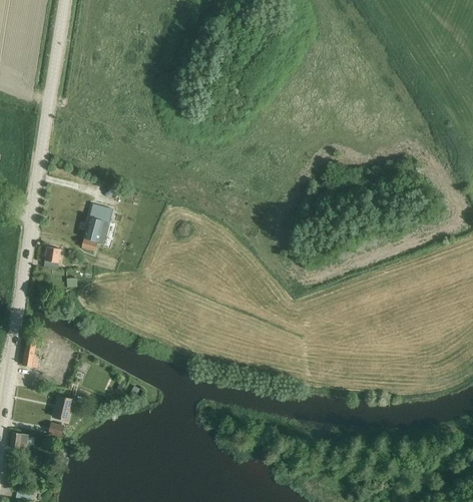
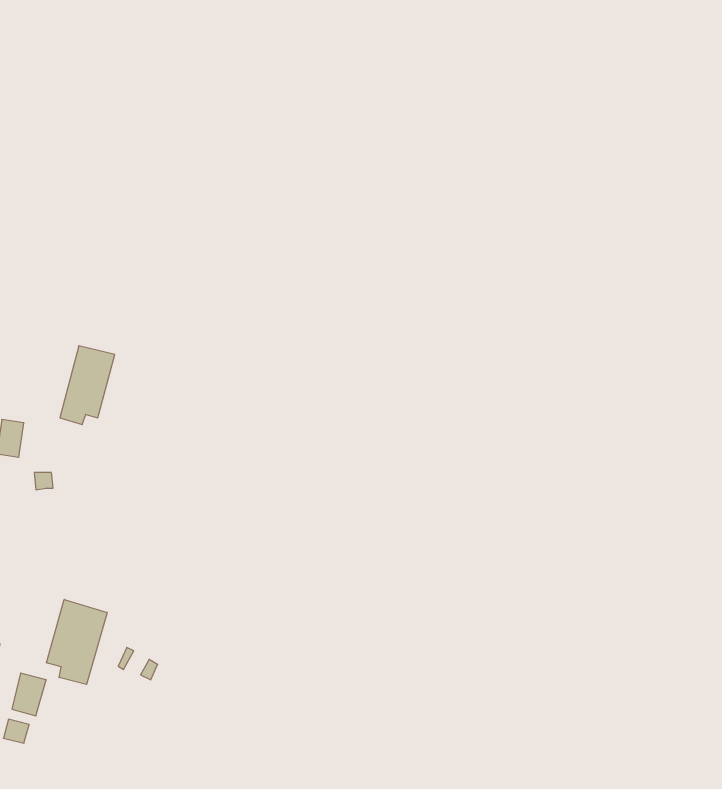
building: none -> [47,599,107,684]

